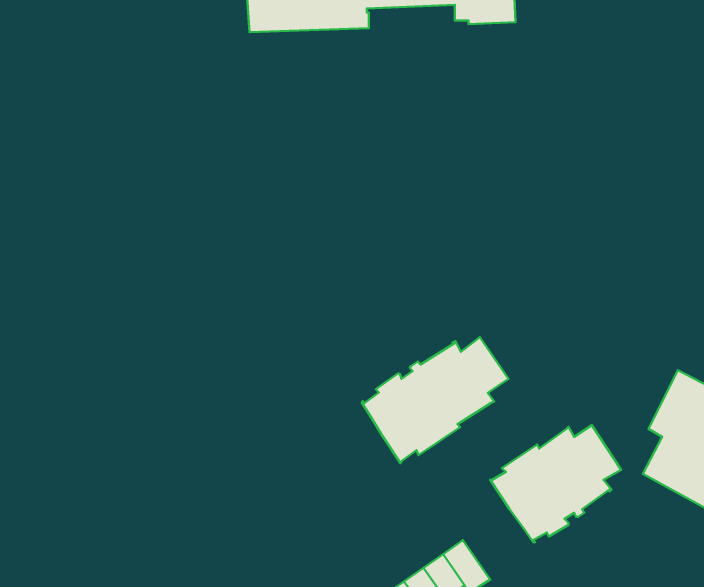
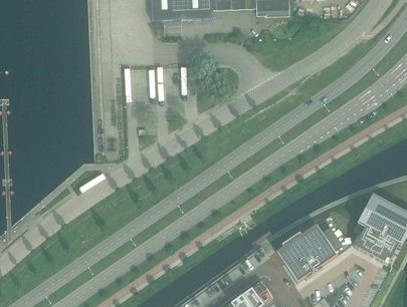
building: [362,337,509,463] -> none

